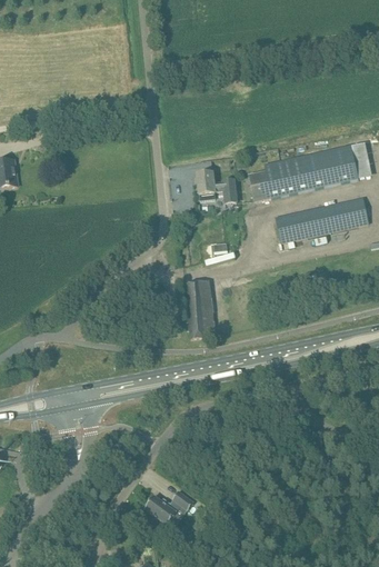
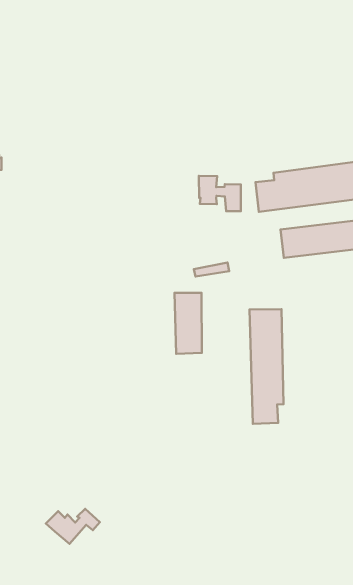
building: none -> [250,309,283,424]
building: [144,490,193,524] -> [46,509,100,544]

